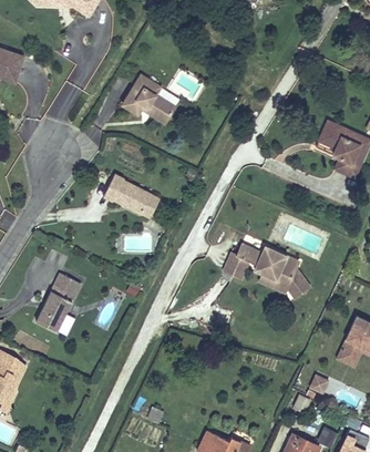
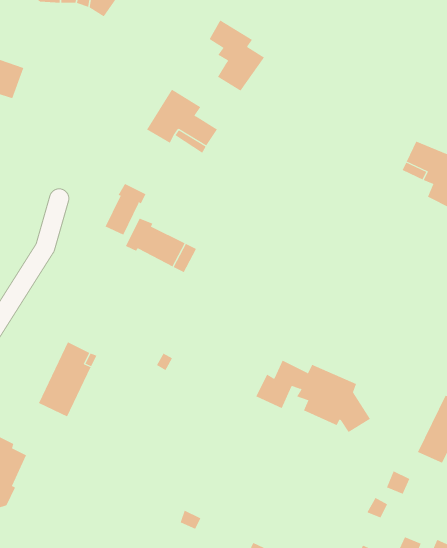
building: none -> [209,19,265,91]
building: none -> [105,183,146,235]
building: [220,242,311,299] -> [256,360,371,433]

